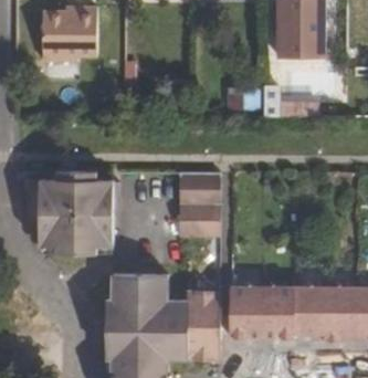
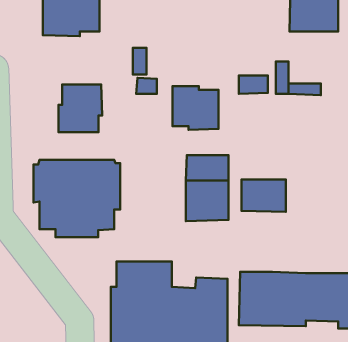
building: none -> [59,85,102,132]
building: none -> [172,86,218,130]
building: none -> [242,180,286,212]

